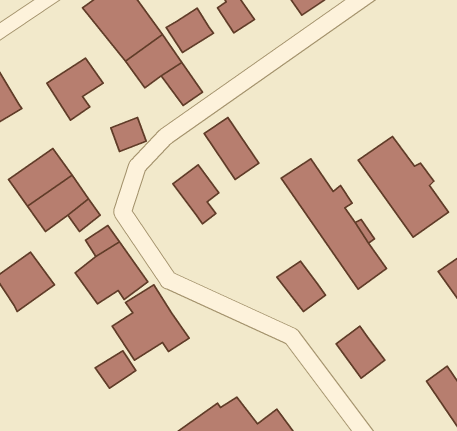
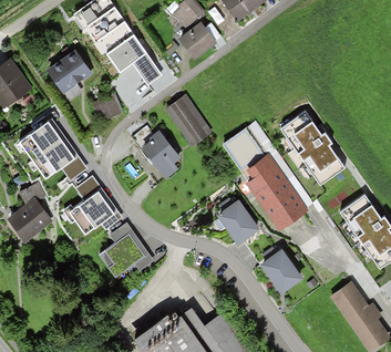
building: [166,8,214,53] -> [179,23,215,56]
building: [95,351,136,388] -> none

